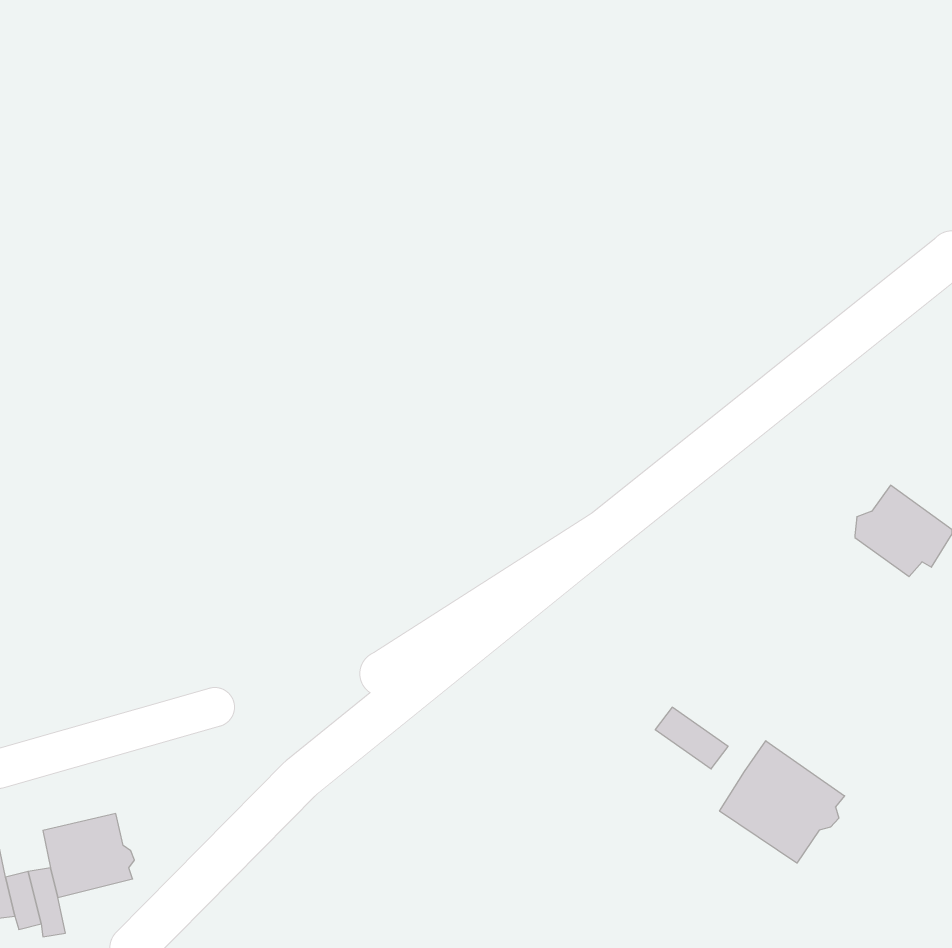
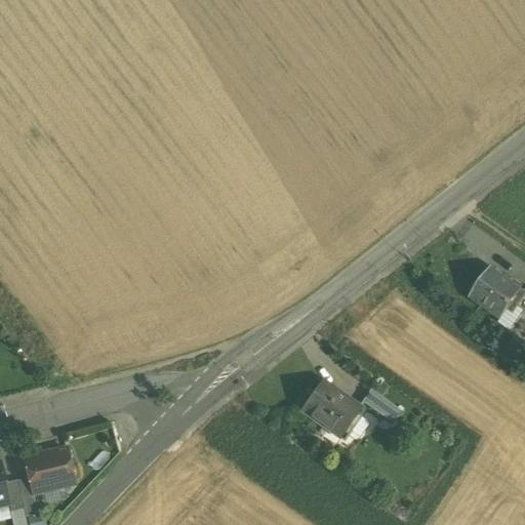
building: none -> [300,380,359,436]
building: [720,741,845,863] -> none

